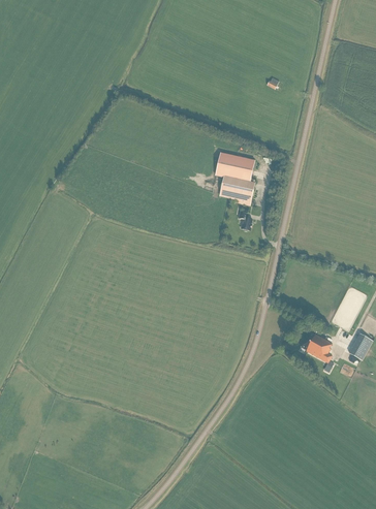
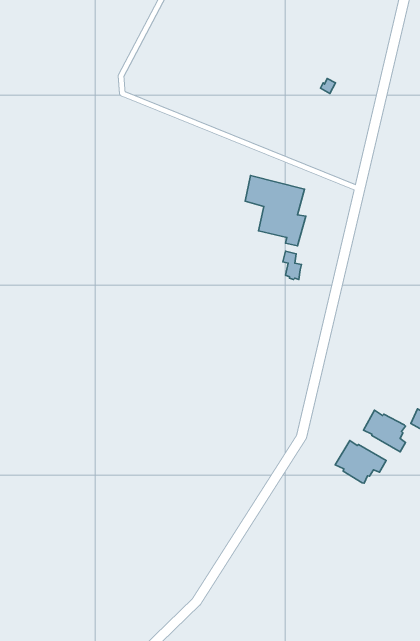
building: none -> [335,441,386,483]

